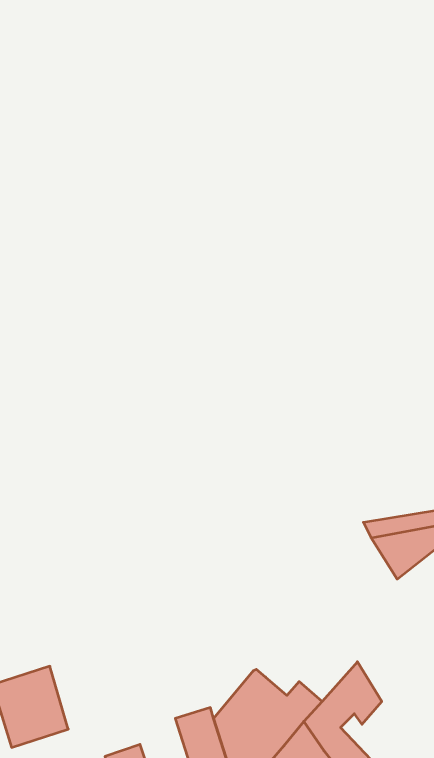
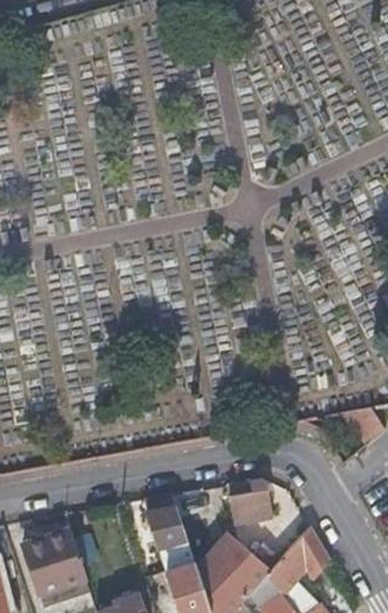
building: none -> [226,478,272,522]
building: none -> [144,493,194,571]

